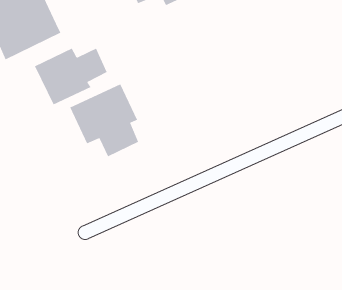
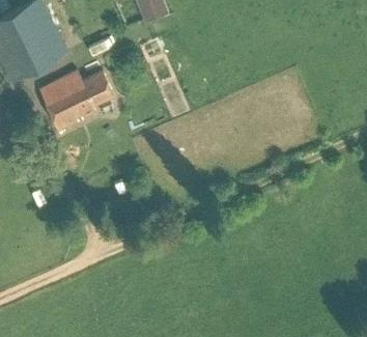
building: [69,84,139,157] -> none

